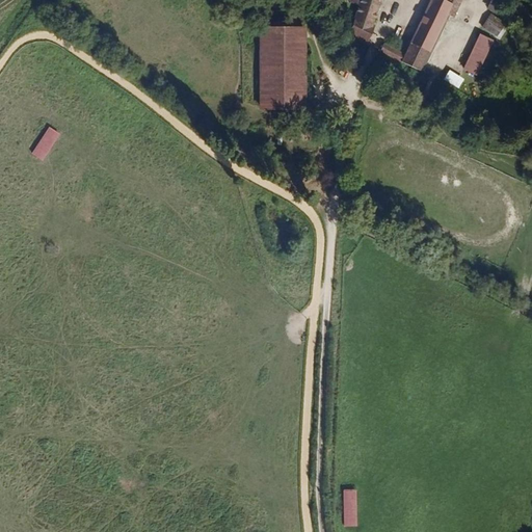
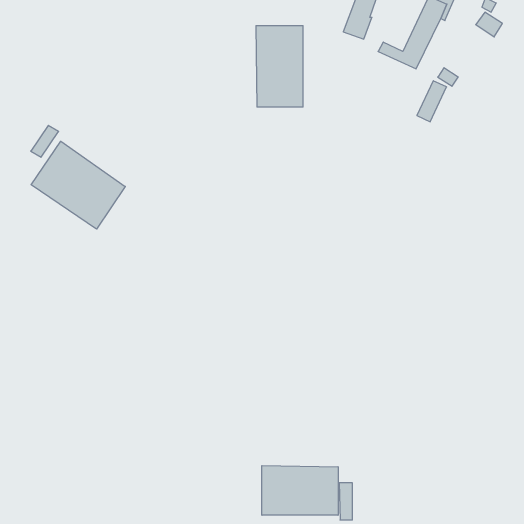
building: [462,33,493,75] -> [417,81,447,122]
building: none -> [31,141,125,229]
building: none -> [262,466,338,515]

